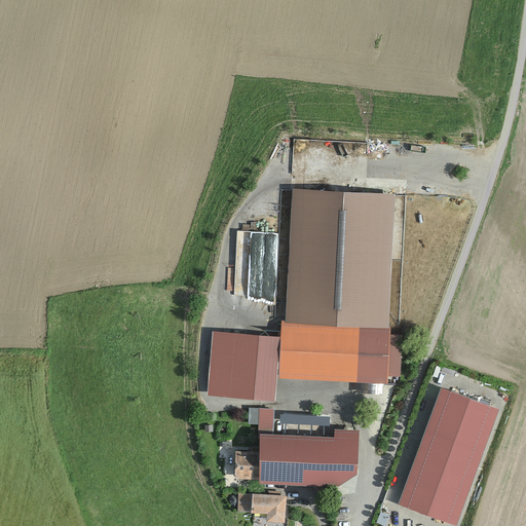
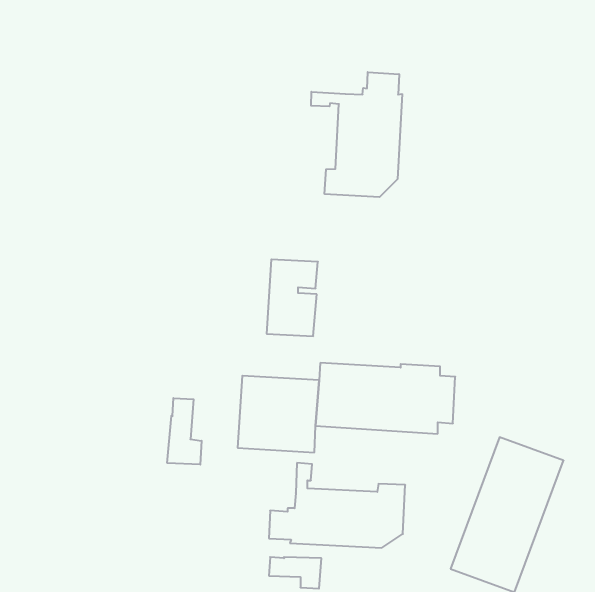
building: none -> [311,72,402,197]
building: [283,187,396,327] -> none
building: none -> [167,398,202,465]

